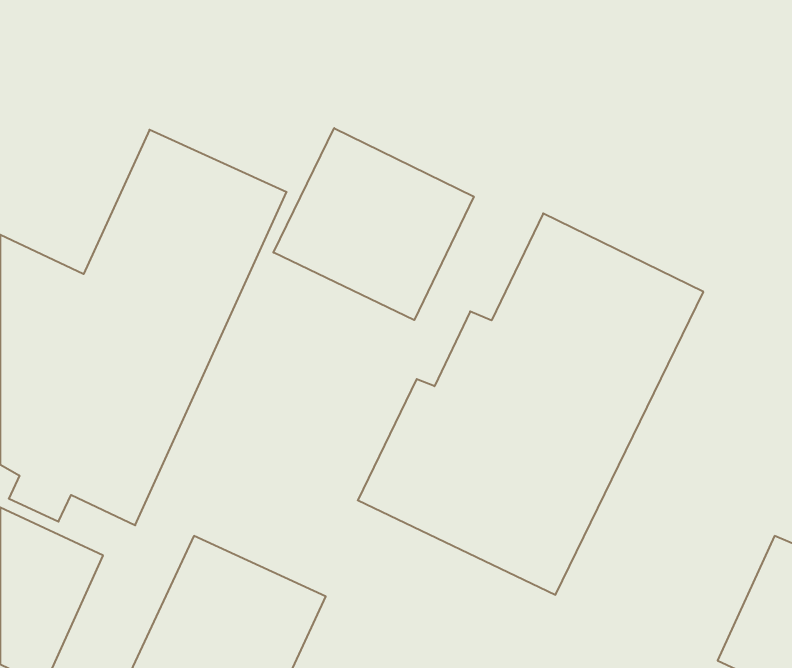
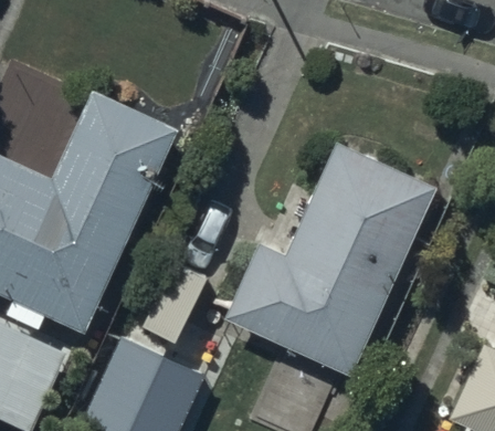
building: [273,128,474,320] -> none

